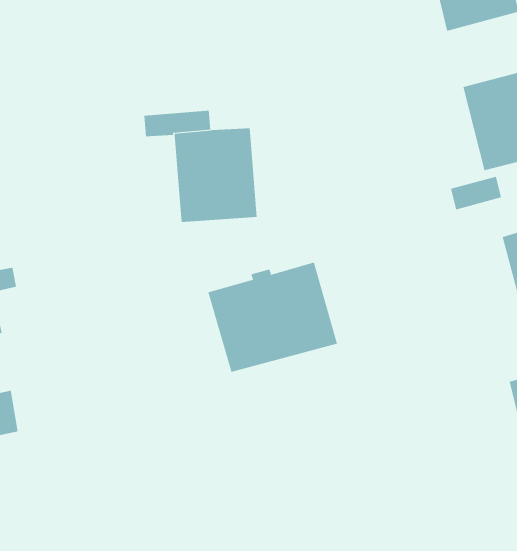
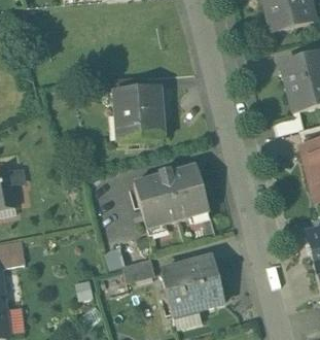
building: none -> [122,257,155,281]
building: none -> [161,257,223,314]

